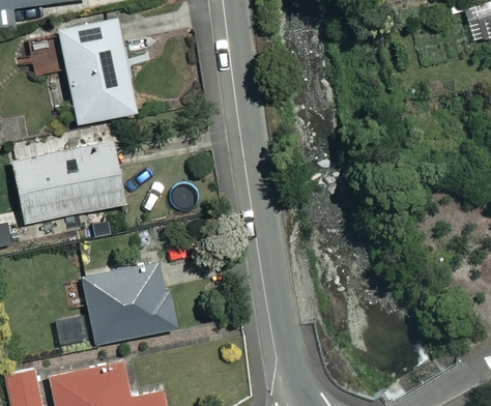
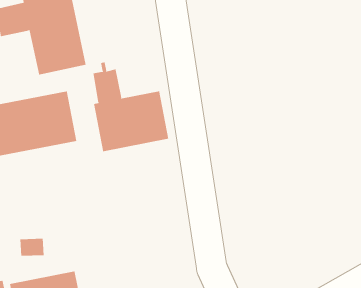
building: none -> [93,62,169,152]
building: [82,259,176,346] -> none

